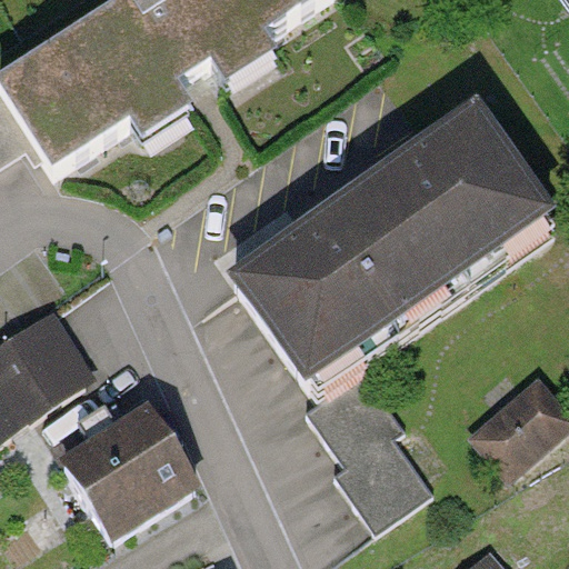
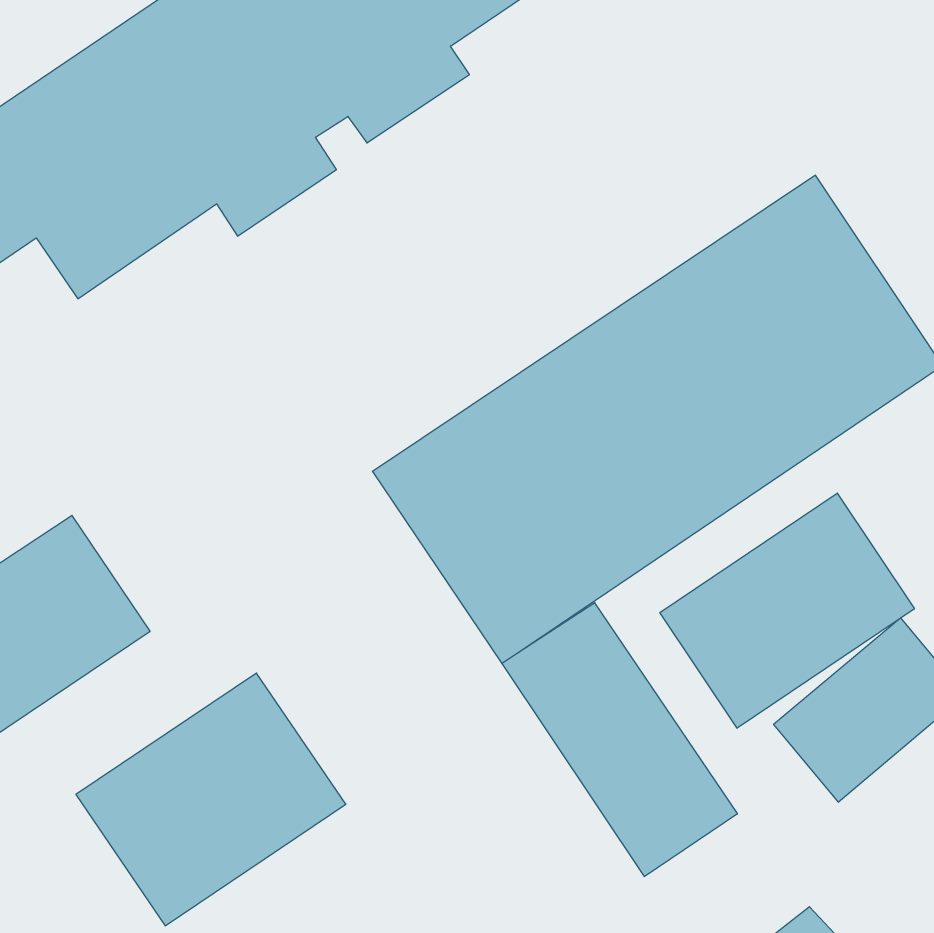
building: none -> [660,493,914,728]

